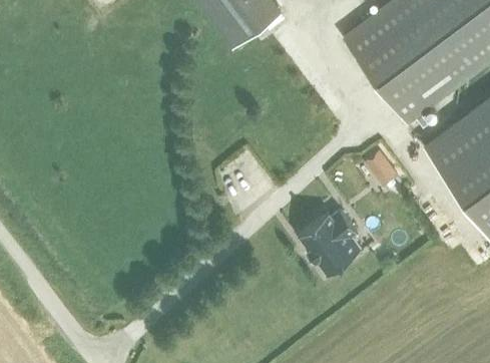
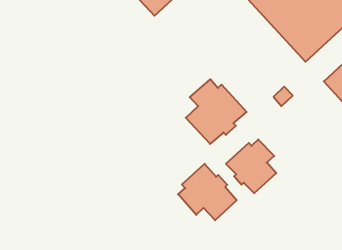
building: none -> [186,79,247,144]
building: none -> [178,164,237,220]

